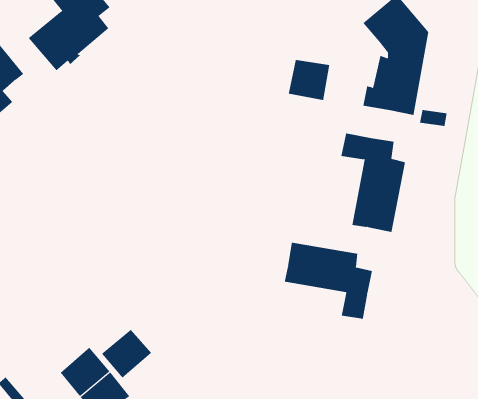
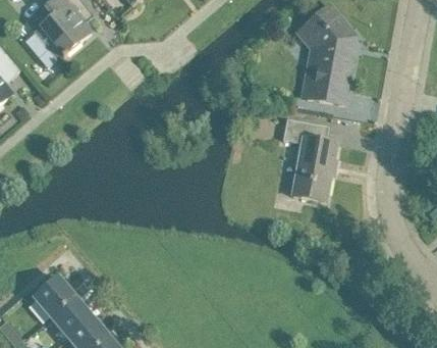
building: [288,59,330,101] -> none
building: [284,242,372,319] -> none
building: [101,329,152,379] -> [34,277,75,317]

